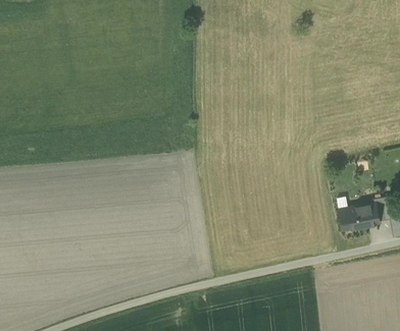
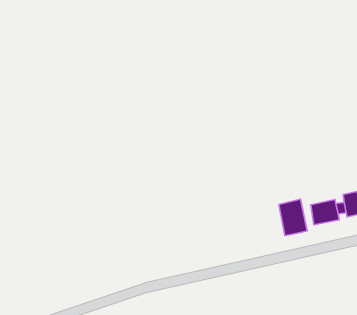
building: none -> [279,199,307,235]

